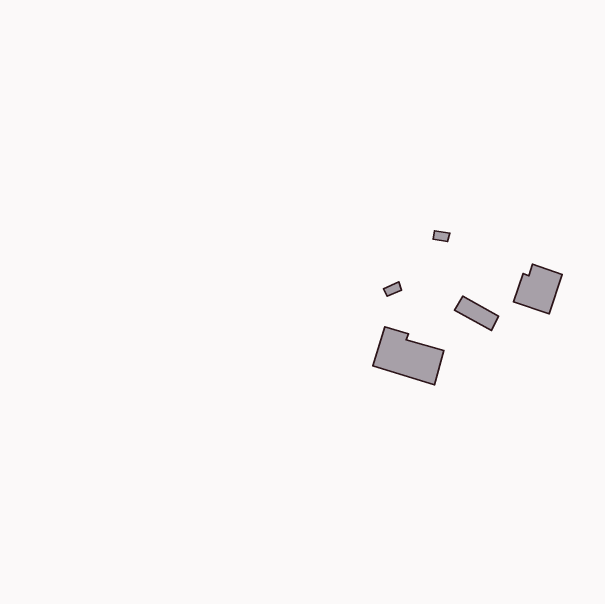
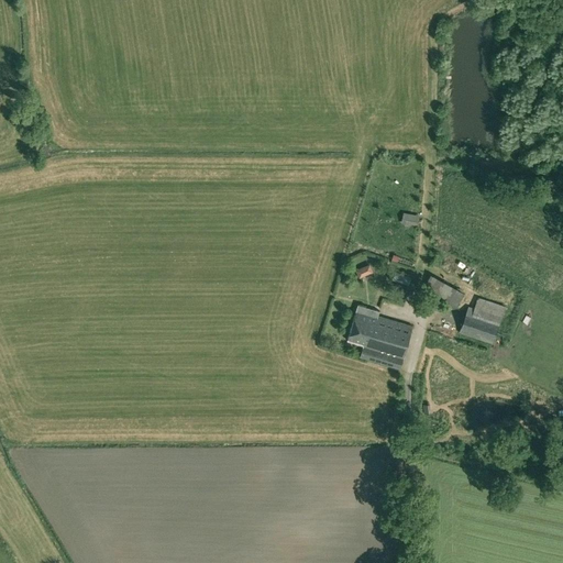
building: [514,264,562,314] -> [460,298,505,344]

